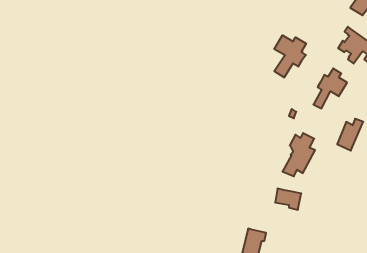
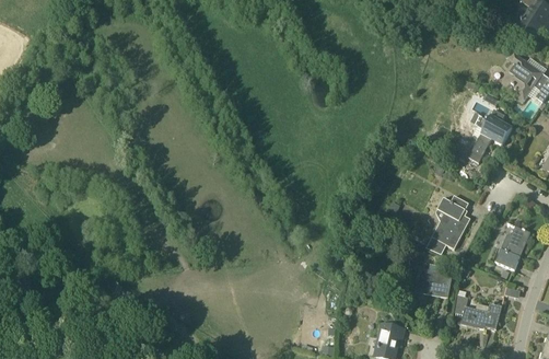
building: [274,35,306,78] -> none
building: [337,119,363,151] -> [495,227,530,269]
building: none -> [452,293,502,328]

